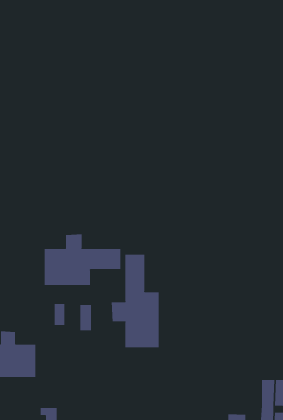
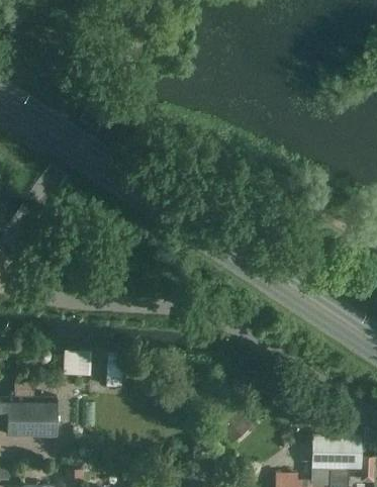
building: [44,234,121,286] -> none
building: [111,254,159,348] -> none

